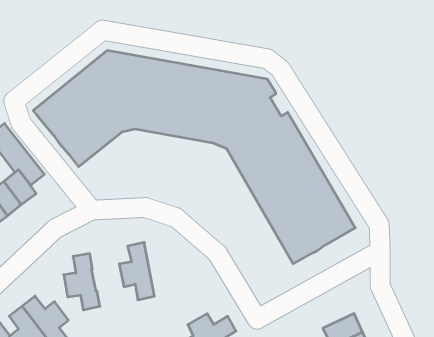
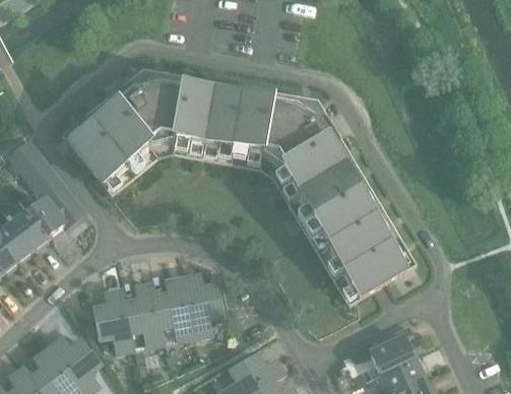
building: none -> [183,276,221,338]
building: none -> [125,285,165,347]
building: none -> [370,326,413,374]

